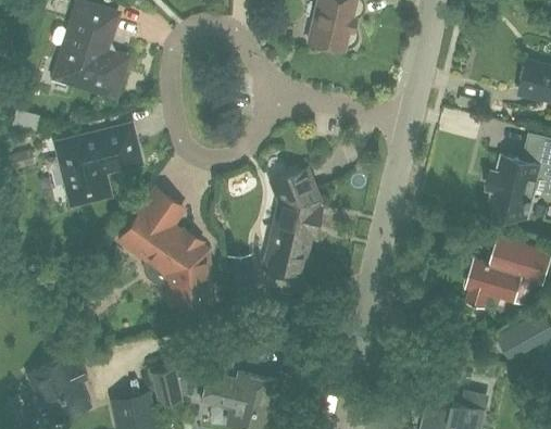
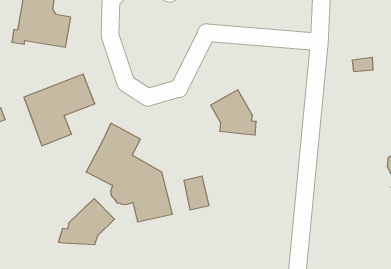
building: [265,212,318,274] -> none
building: none -> [58,199,115,245]

